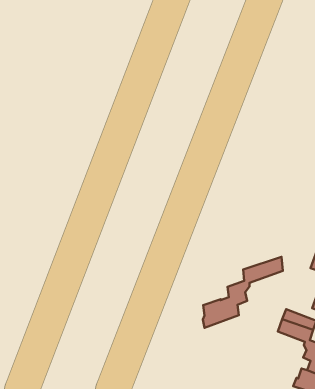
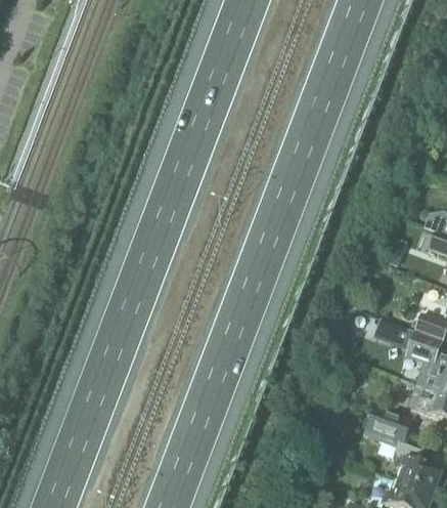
building: [203,257,283,328] -> none

